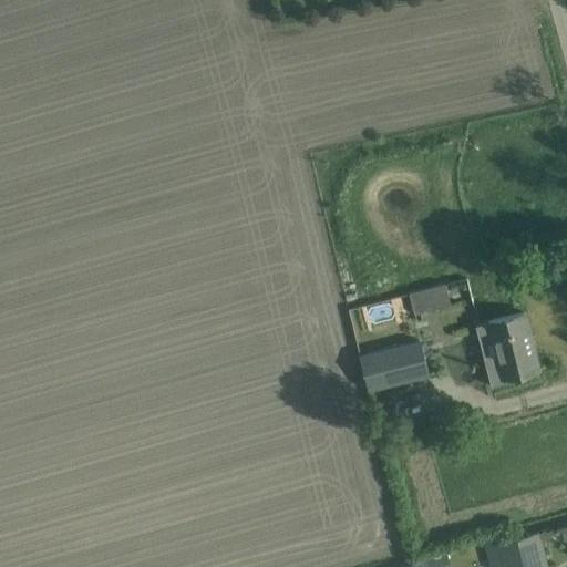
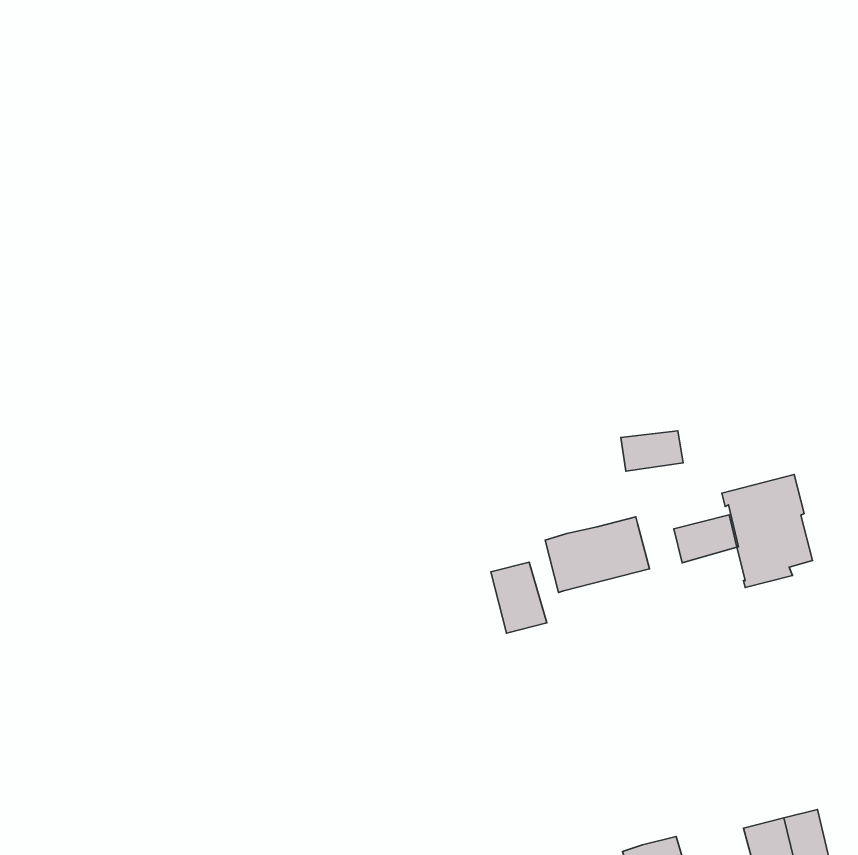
building: none -> [674,515,737,563]
building: none -> [491,562,547,633]

